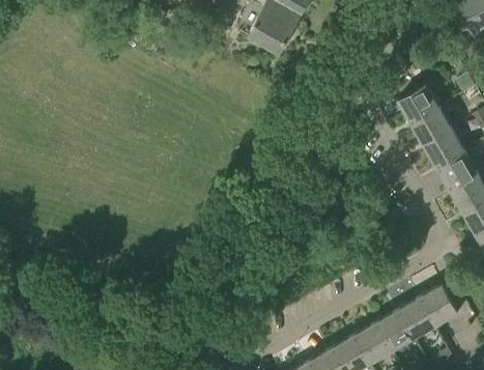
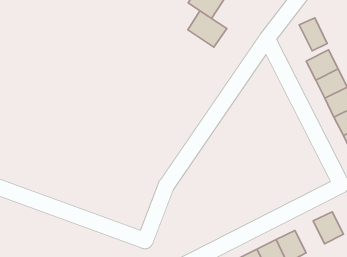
building: none -> [299,18,327,51]
building: none -> [188,11,227,47]
building: [398,297,435,338] -> none

